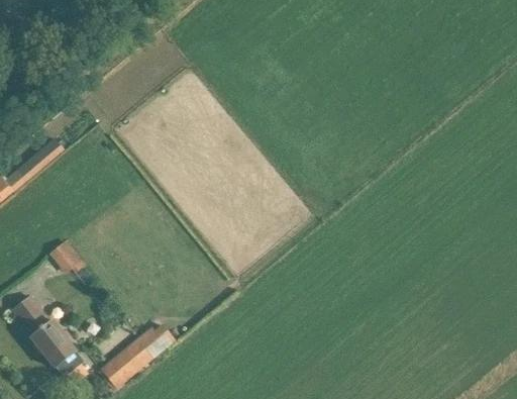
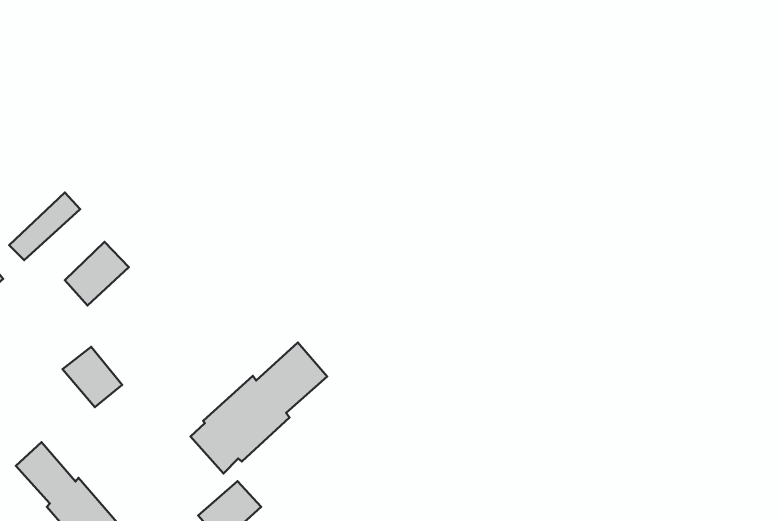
building: none -> [65,242,129,305]
building: none -> [190,342,327,473]

